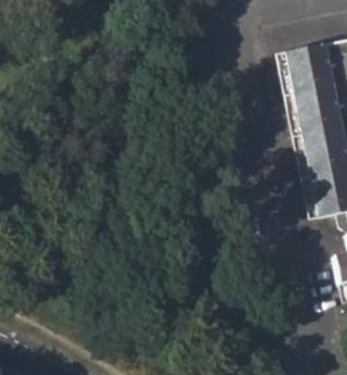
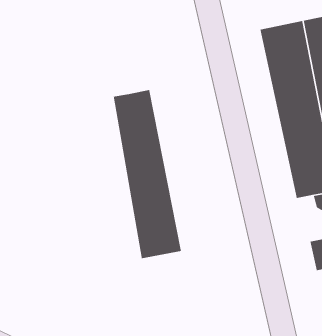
building: none -> [113,89,182,259]

